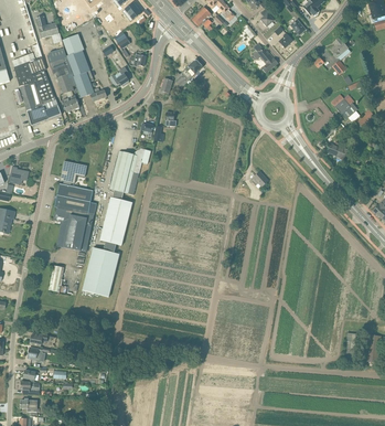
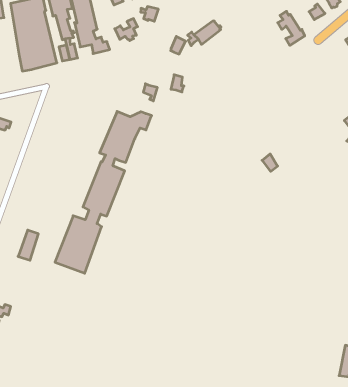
building: [53,160,95,252] -> none

